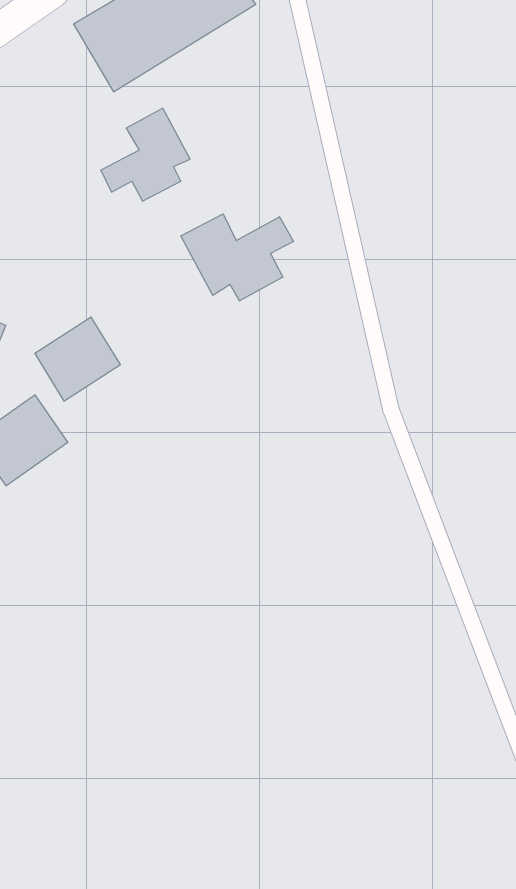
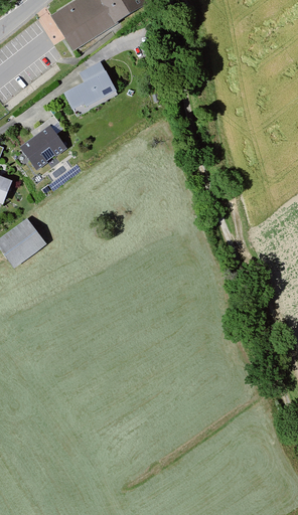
building: [181,214,294,301] -> none
building: [35,317,120,401] -> [18,123,65,169]

